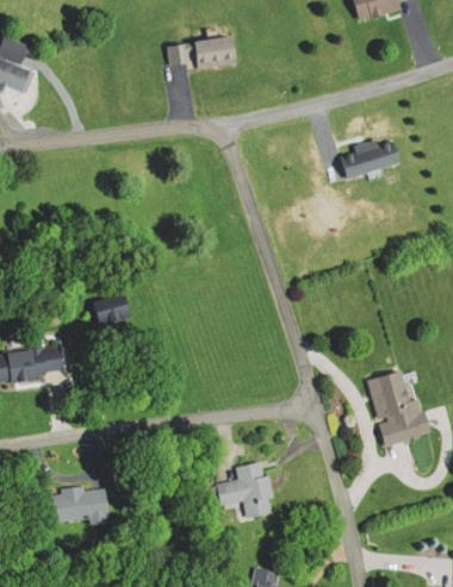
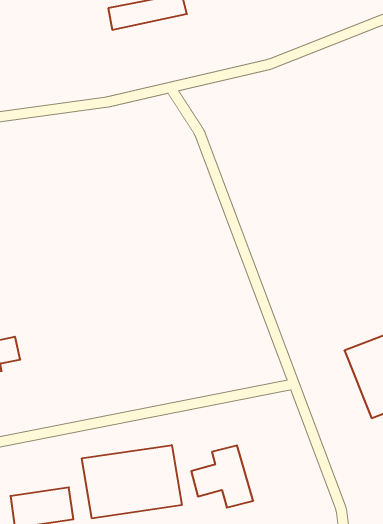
building: [333,135,397,181] -> none
building: [91,298,124,326] -> none
building: none -> [82,445,182,518]

